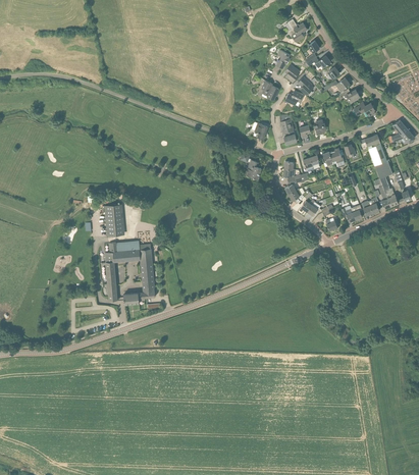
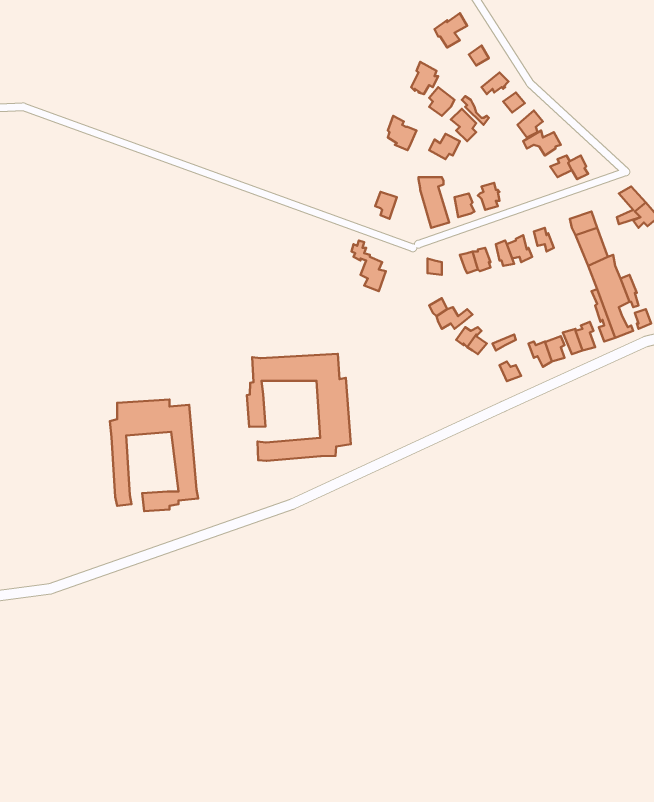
building: [105,205,124,236] -> none
building: none -> [247,354,351,461]

